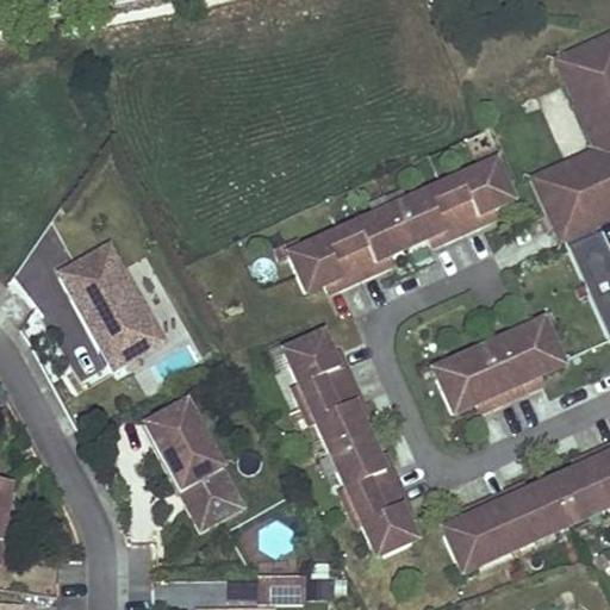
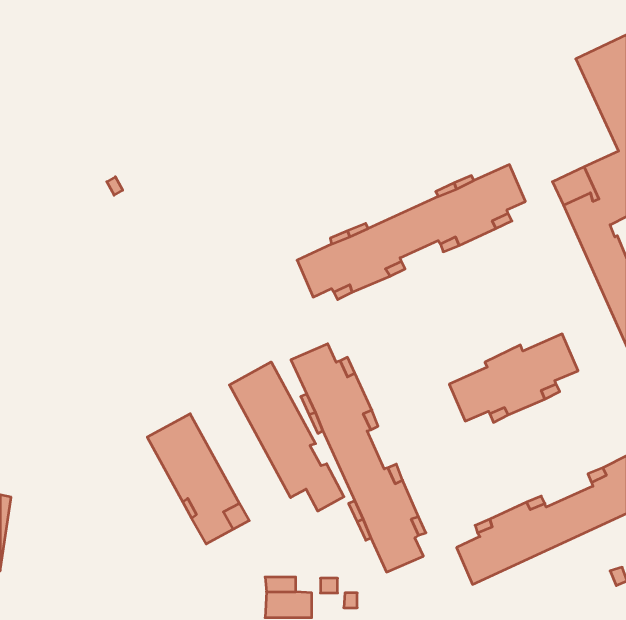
building: [60,243,164,368] -> none
building: none -> [229,362,344,511]

